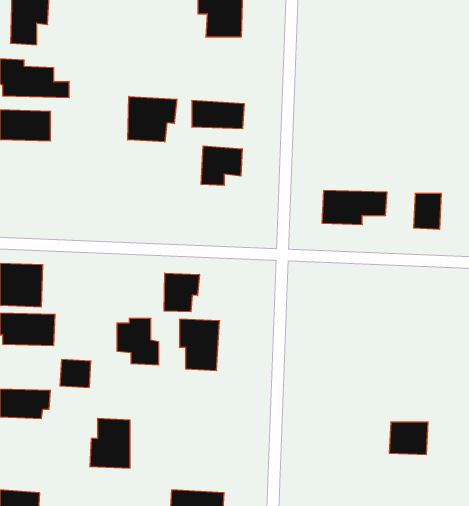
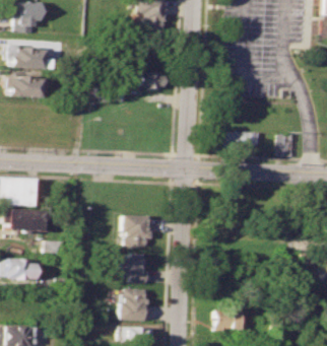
building: [128,96,177,142] -> none
building: [201,146,242,185] -> none
building: [164,273,199,312] -> none
building: [117,318,159,365] -> [124,254,151,284]
building: [90,418,130,468] -> [122,288,148,321]
building: [389,422,428,455] -> [217,310,243,332]

